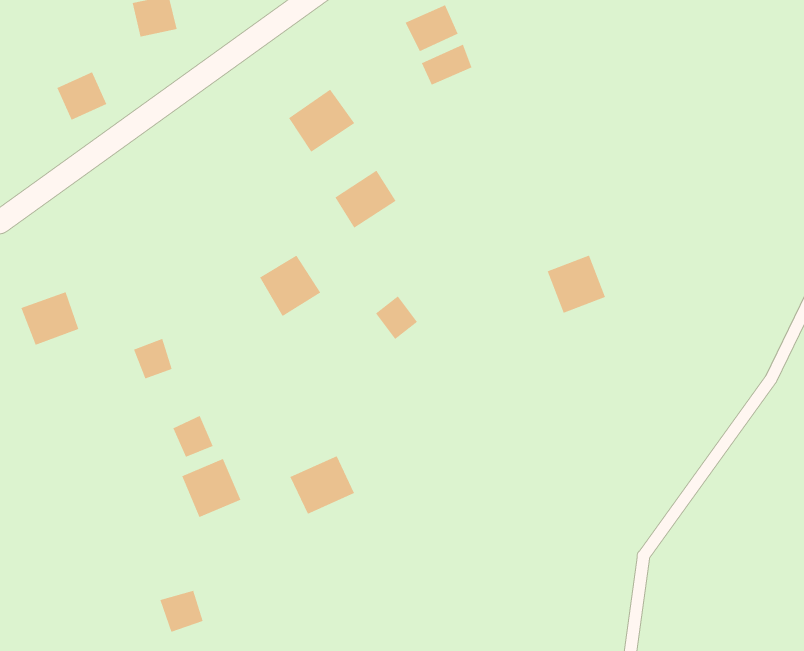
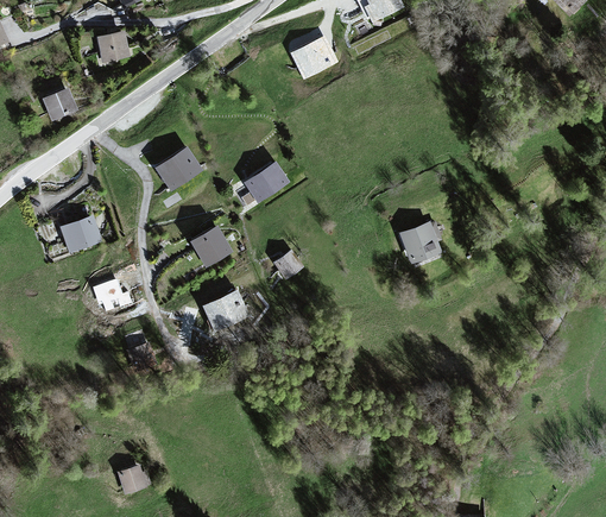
building: [421,44,472,86] -> none
building: [288,89,355,153] -> [154,143,203,189]
building: [20,291,79,345] -> [58,212,101,251]
building: [290,456,355,514] -> [202,291,250,334]
building: [181,458,241,518] -> none

